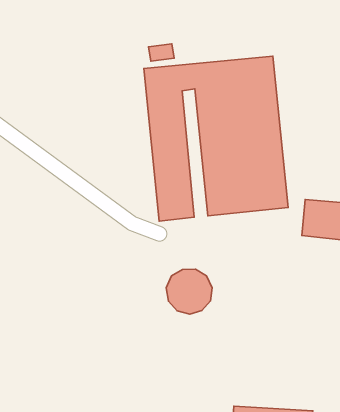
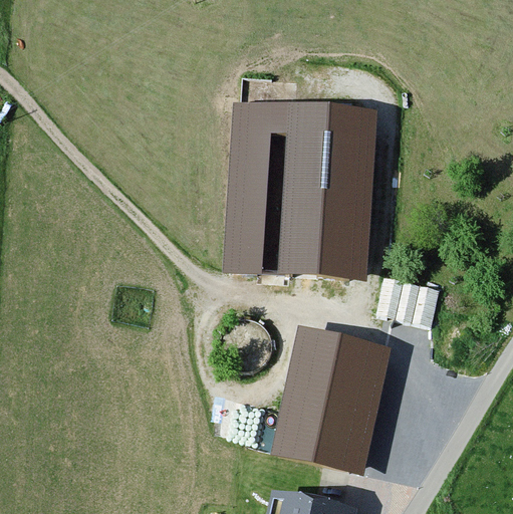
building: none -> [270,325,393,474]

